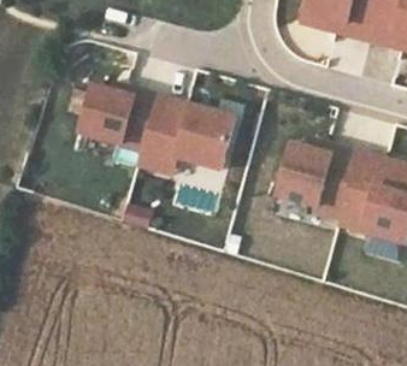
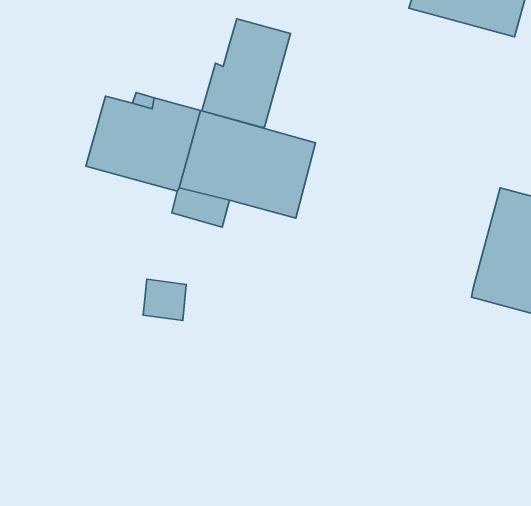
building: none -> [202,19,291,127]
building: [278,138,359,213] -> none

